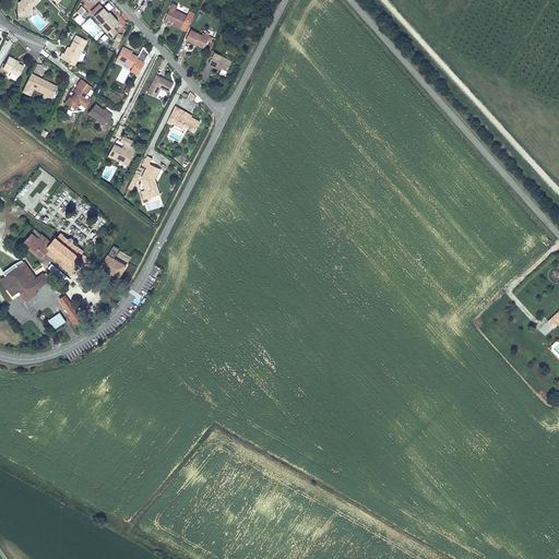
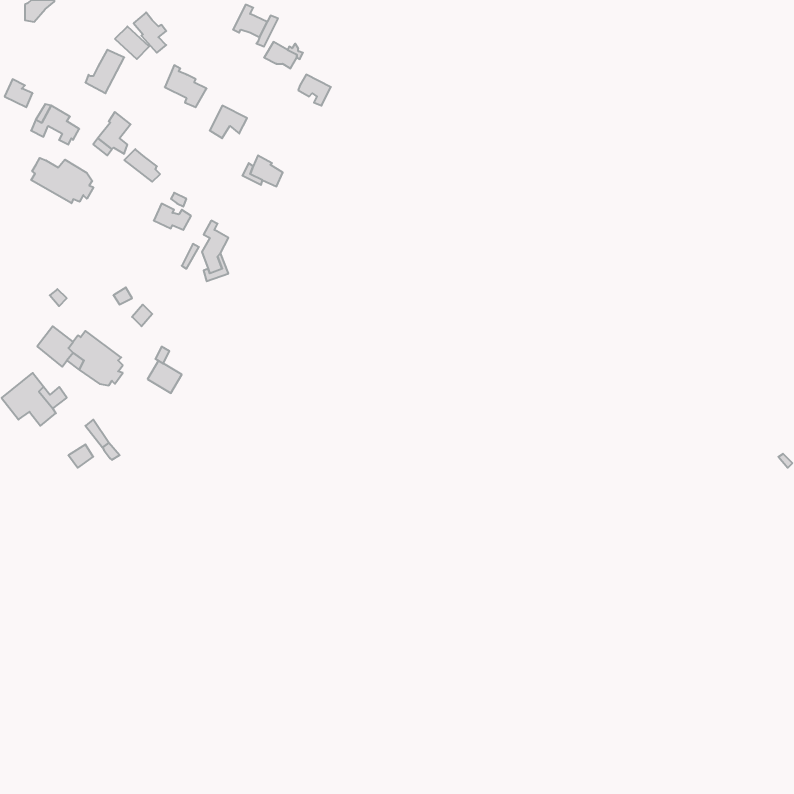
building: none -> [31,158,93,203]

